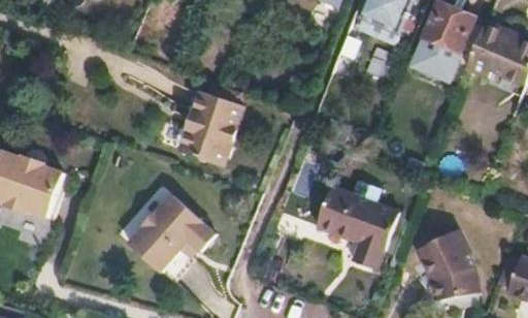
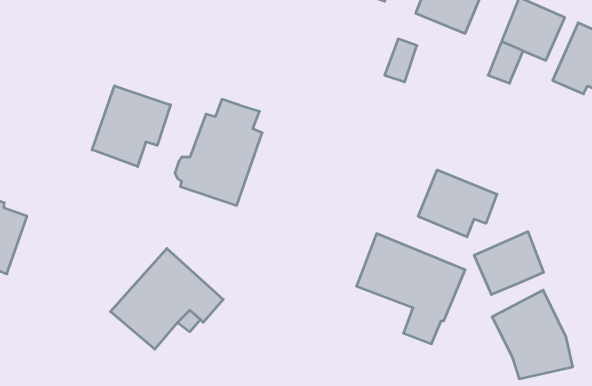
building: none -> [92,86,171,167]
building: none -> [418,170,497,237]
building: none -> [474,232,544,295]

